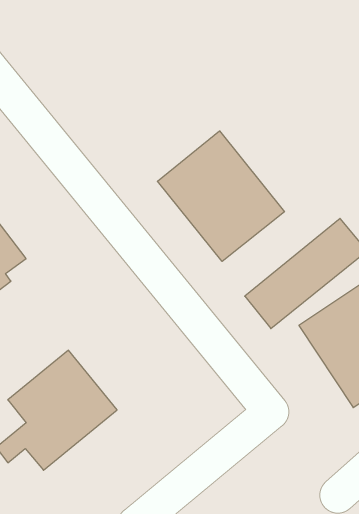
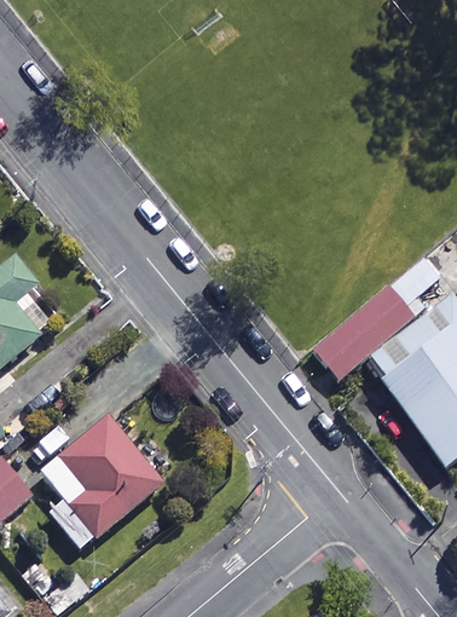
building: [157,131,284,261] -> none

